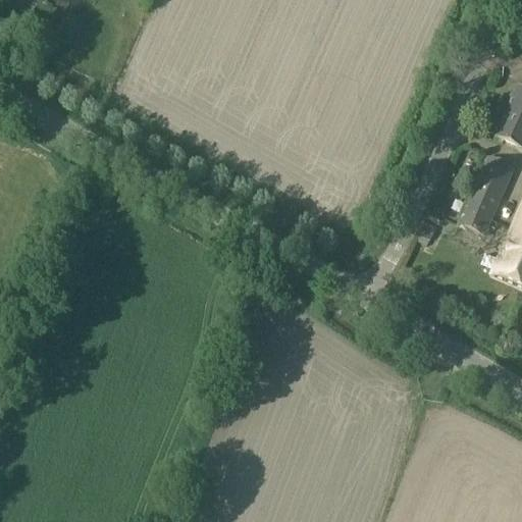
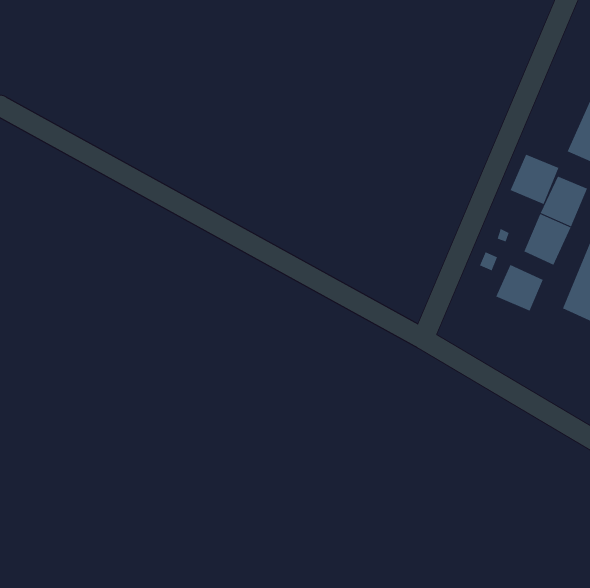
building: none -> [510,154,559,205]
building: none -> [496,264,544,312]

